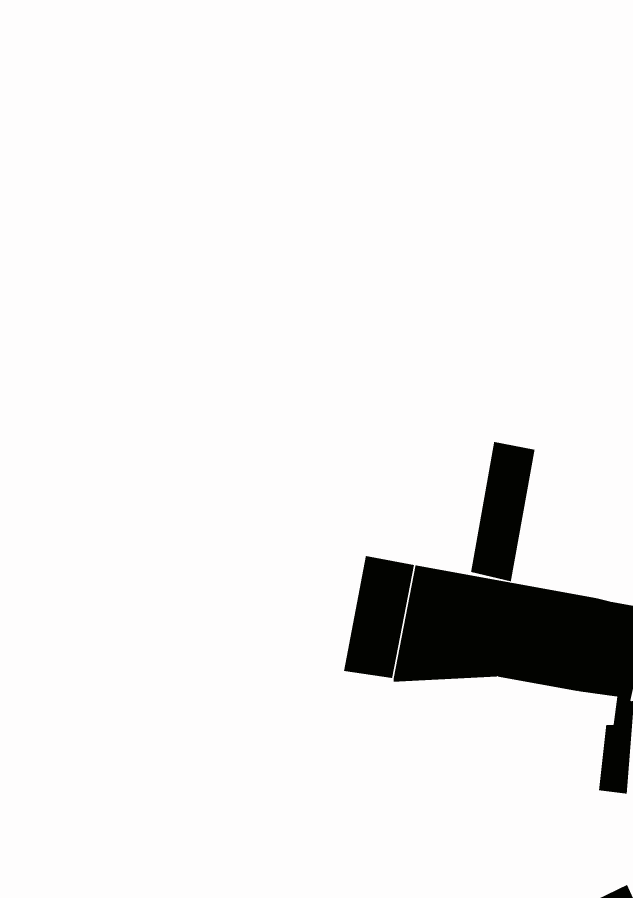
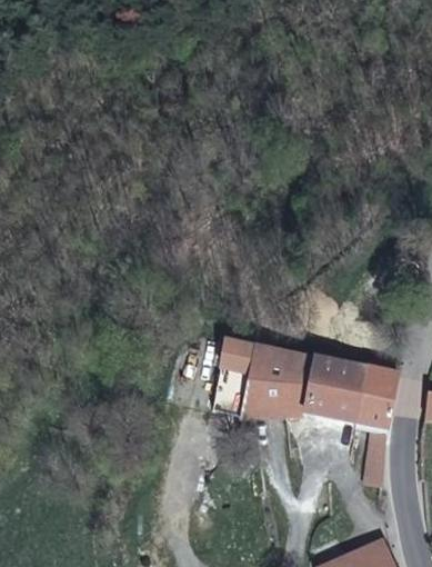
building: [470,441,535,582] -> none

